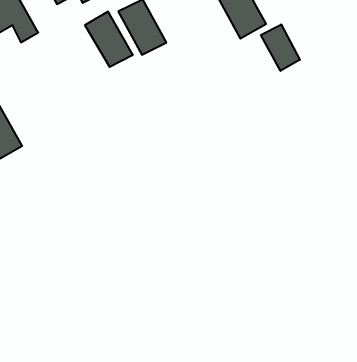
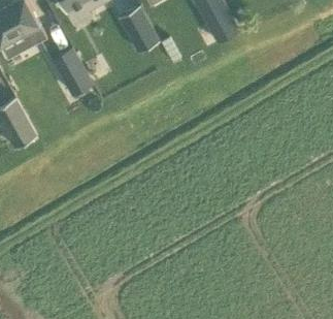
building: [85,12,133,67] -> [52,49,92,95]
building: [261,24,300,71] -> none

